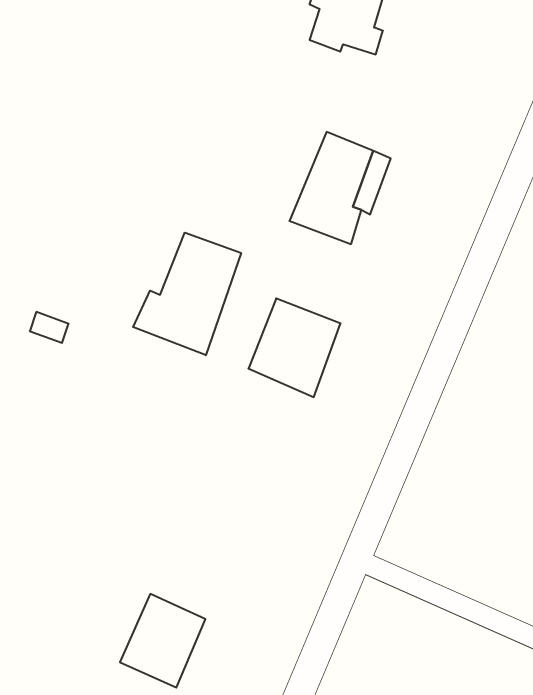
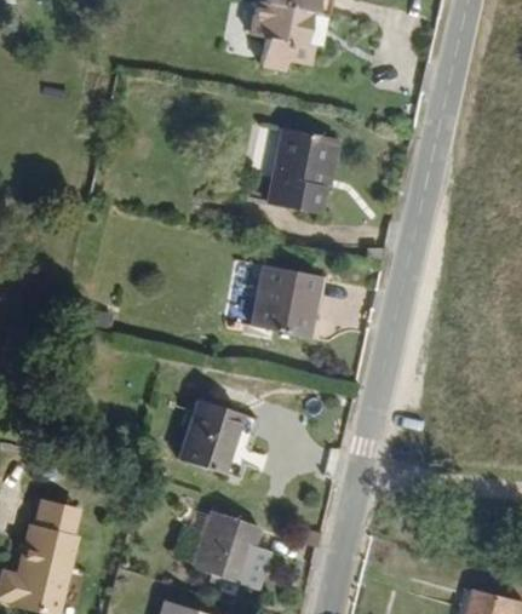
building: [133,233,241,355] -> none
building: none -> [180,394,260,470]

